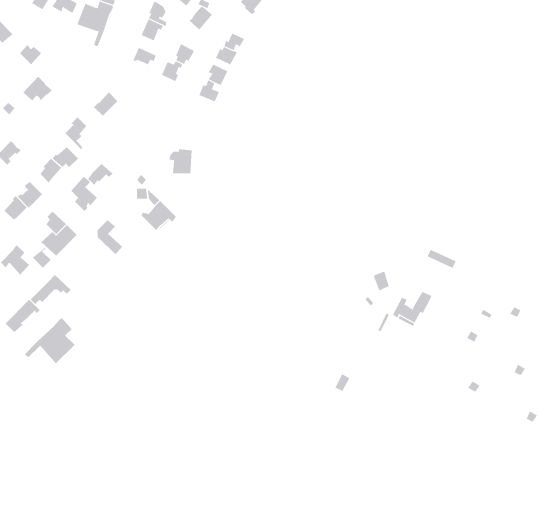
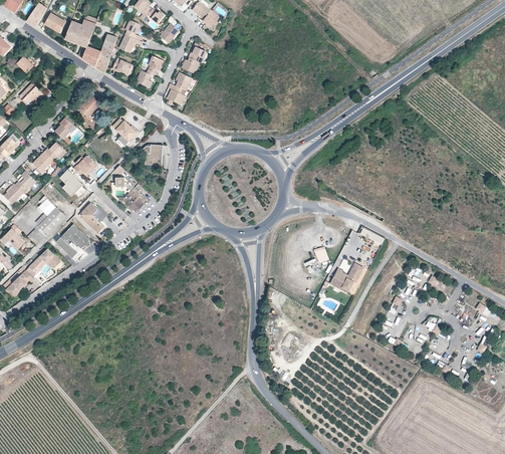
building: none -> [82,34,116,73]
building: none -> [109,117,137,147]
building: none -> [55,224,89,257]
building: [24,318,75,364] -> none

